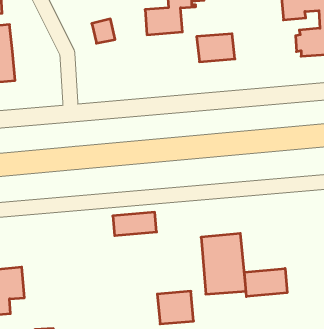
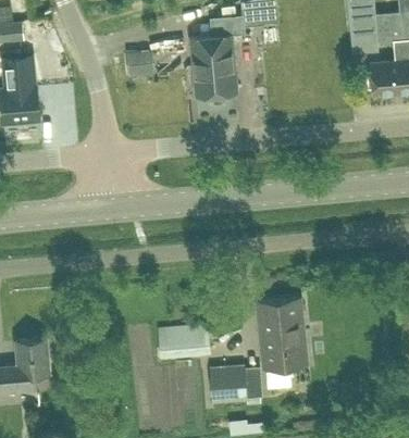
building: [197,34,235,62] -> [193,65,237,98]
building: [113,212,157,236] -> [158,326,209,353]
building: [244,268,287,297] -> none

